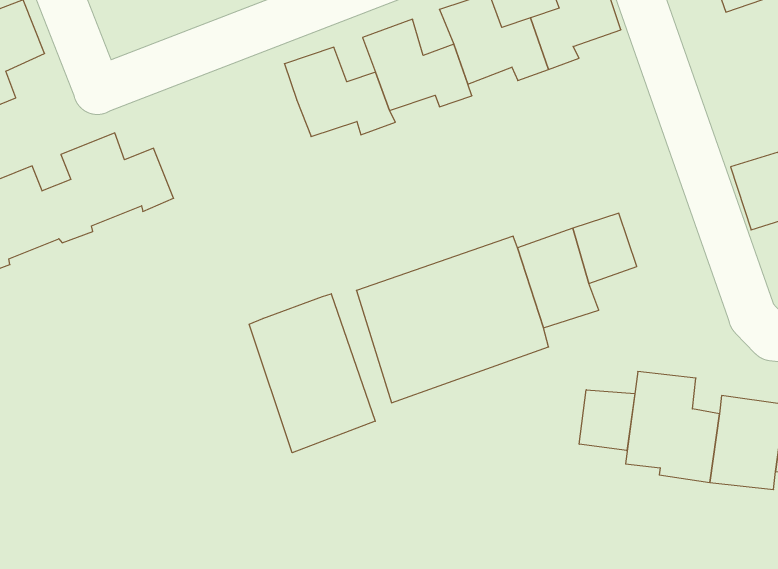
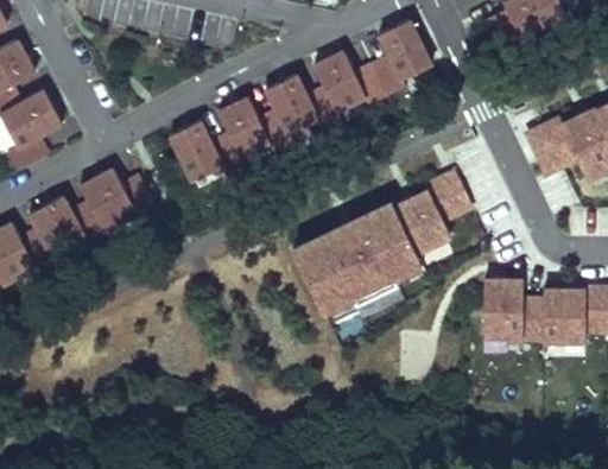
building: none -> [173,118,247,178]
building: [249,294,375,453] -> none
building: [579,390,635,451] -> none

